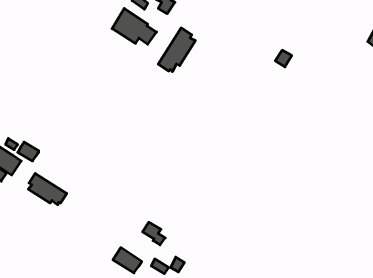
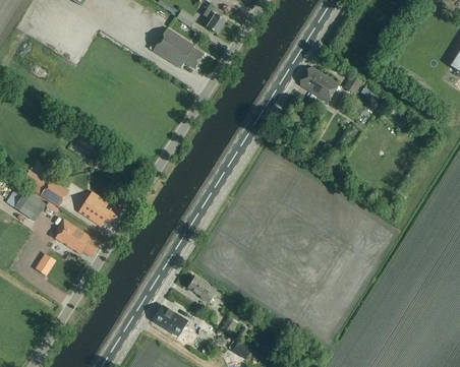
building: [158,28,195,72] -> none
building: none -> [299,66,337,101]
building: none -> [78,191,119,225]

